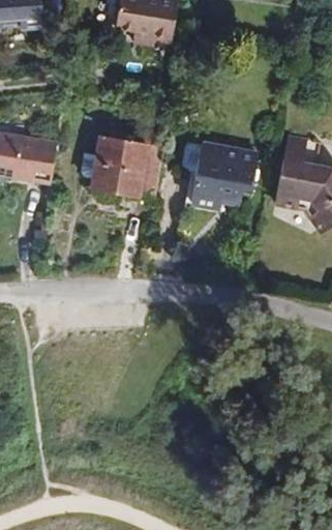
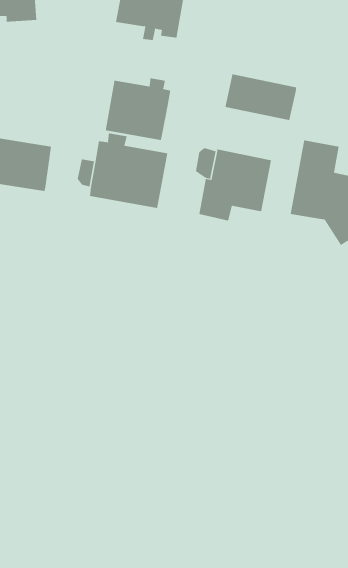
building: none -> [225,74,297,121]
building: none -> [105,77,171,141]

